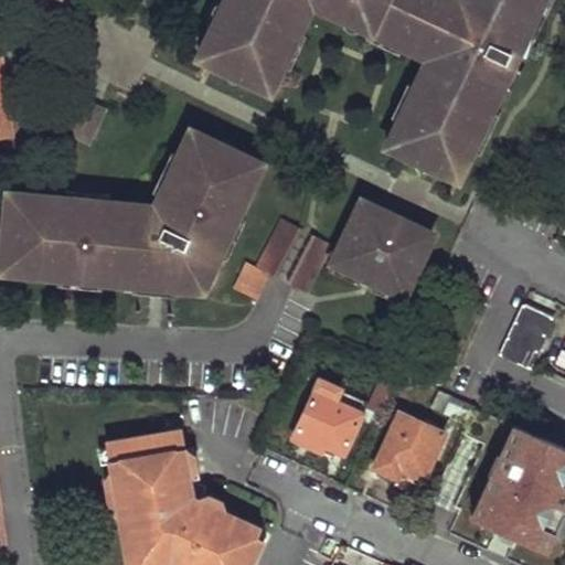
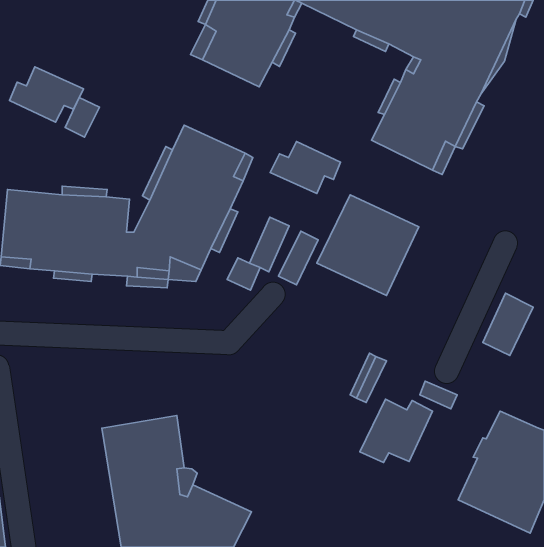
building: none -> [10,67,83,122]
building: none -> [270,142,341,194]
building: [291,379,360,450] -> none

